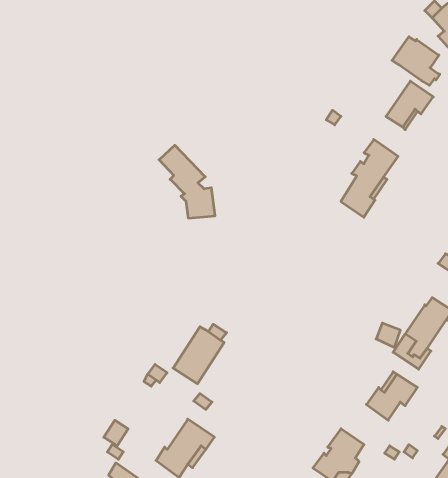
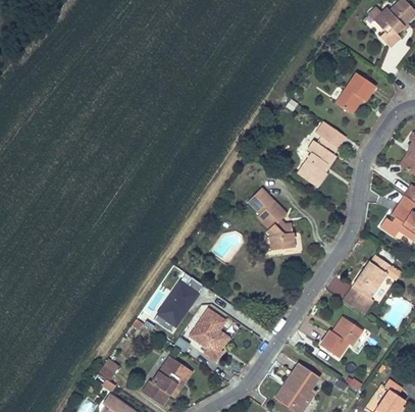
building: [392,37,440,85] -> none
building: [159,145,215,218] -> [248,189,295,250]
building: none -> [189,310,228,362]

